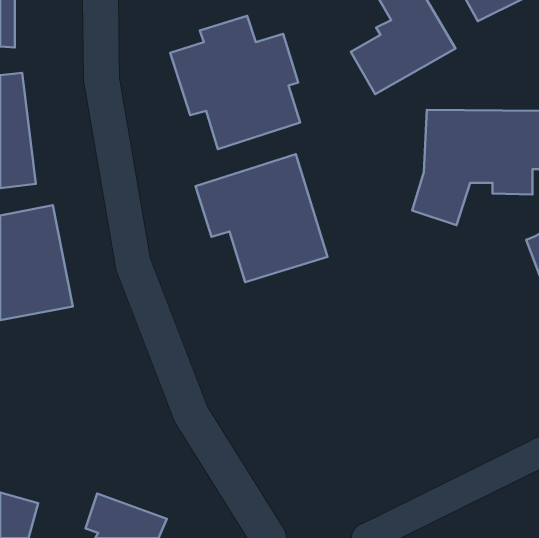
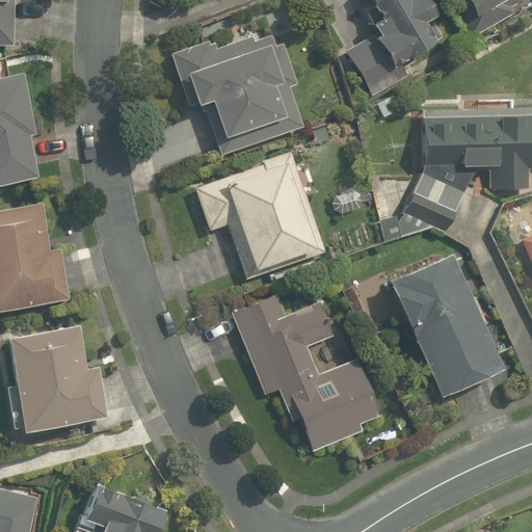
building: none -> [390,252,508,401]
building: none -> [231,278,385,451]
building: none -> [8,326,109,436]

